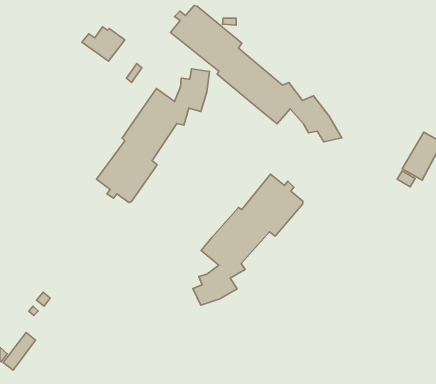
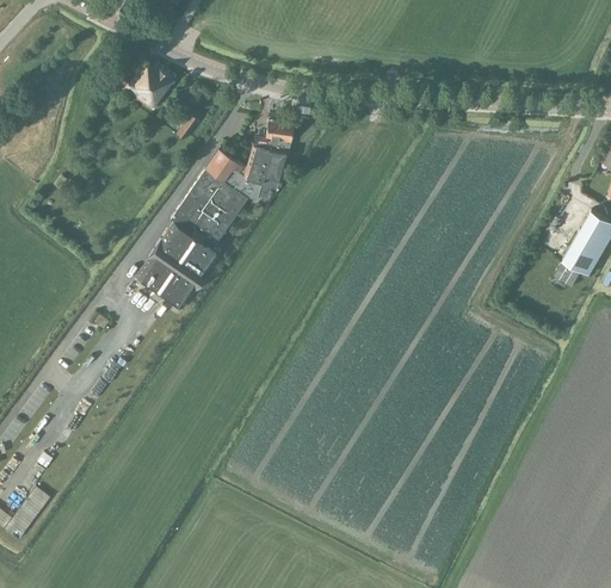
building: [171,5,342,142] -> none
building: [193,174,303,305] -> none

